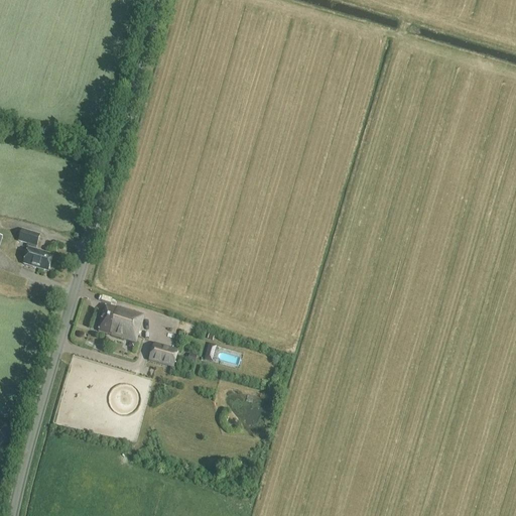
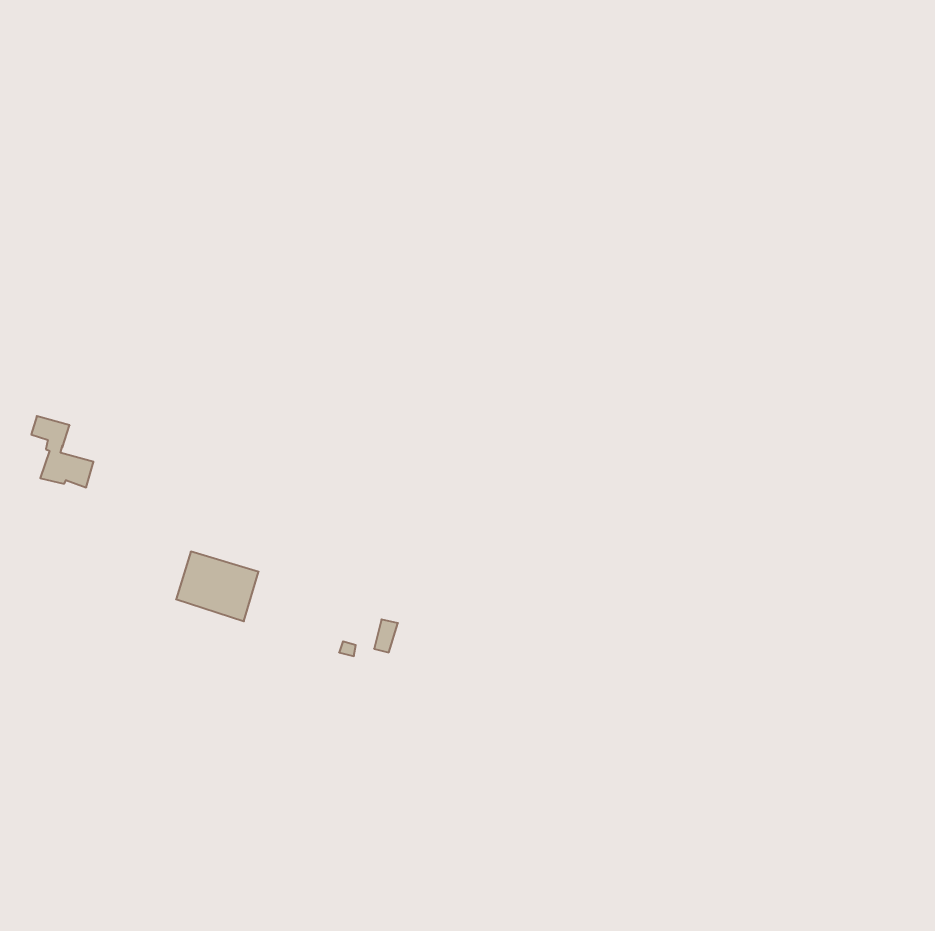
building: [148,343,177,366] -> none

